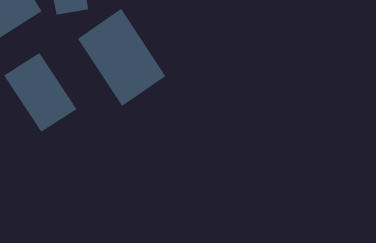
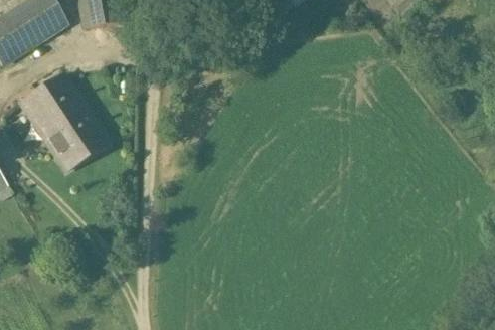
building: [77,8,166,107] -> none

